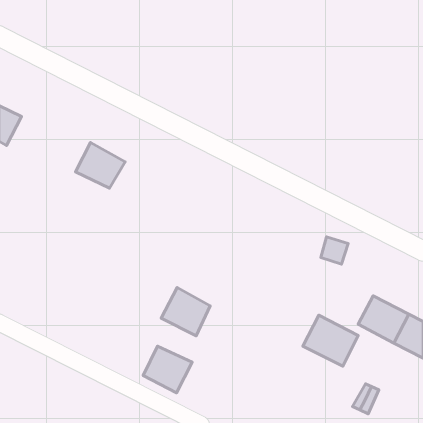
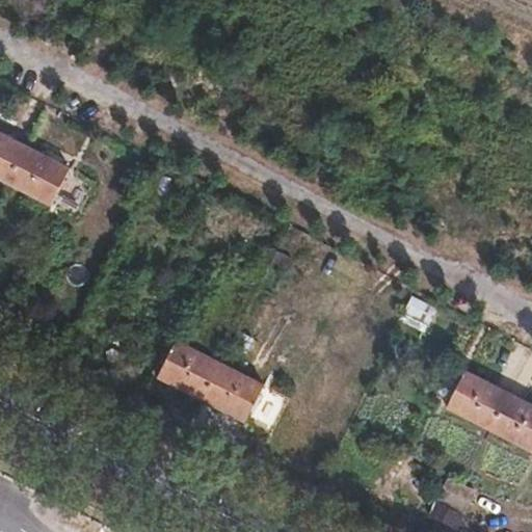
building: [75,143,125,188] -> [8,148,71,205]
building: [303,315,358,366] -> none
building: [143,346,192,393] -> [160,342,221,400]

